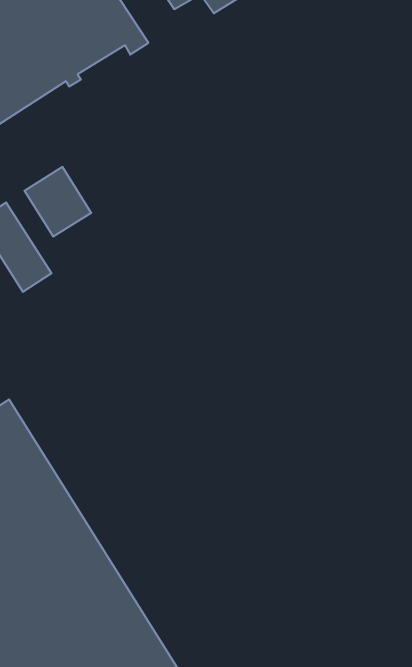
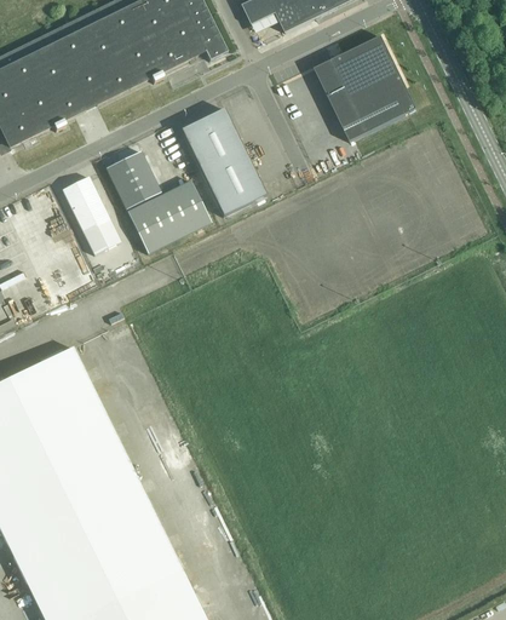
building: none -> [315,35,418,142]
building: none -> [180,108,266,216]
building: none -> [127,180,211,253]

